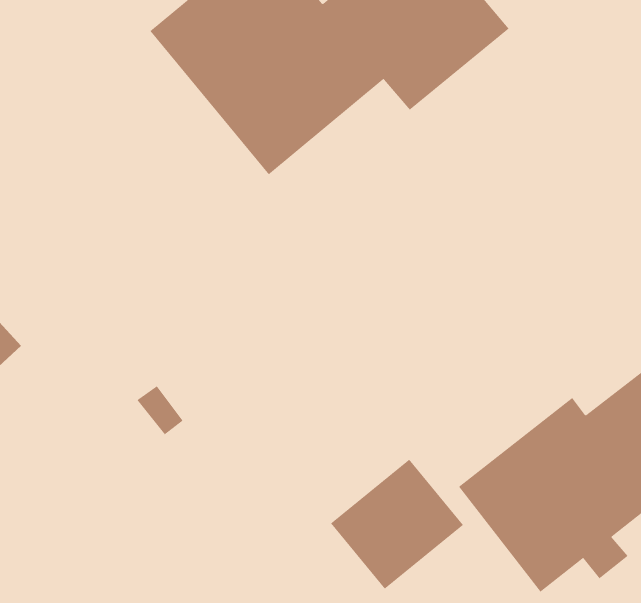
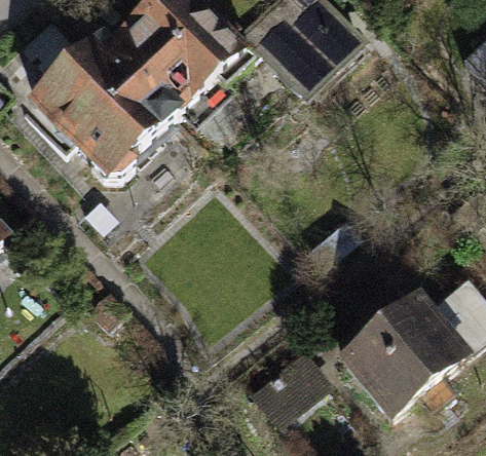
building: none -> [18,22,191,198]

